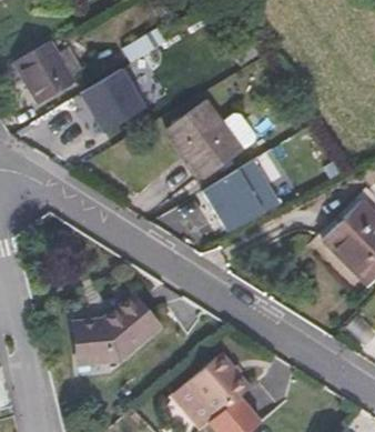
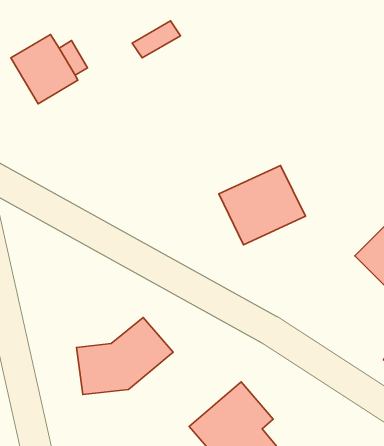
building: [75,66,142,131] -> none
building: [164,102,254,180] -> none

